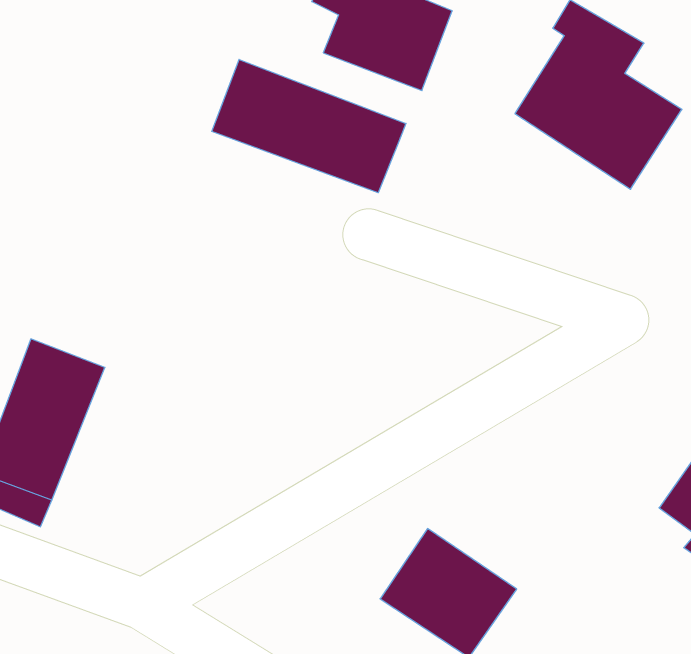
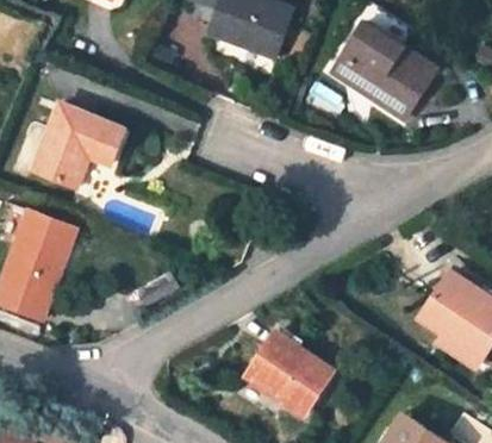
building: [212,59,406,193] -> none
building: none -> [32,105,122,187]

